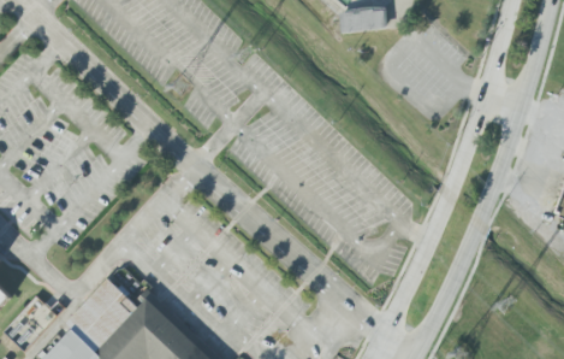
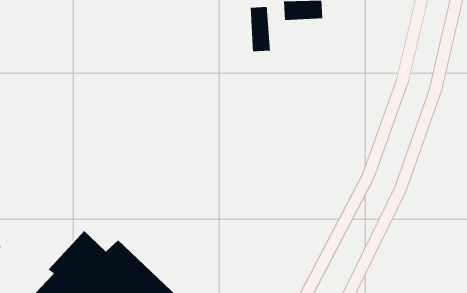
building: none -> [250,6,270,52]

